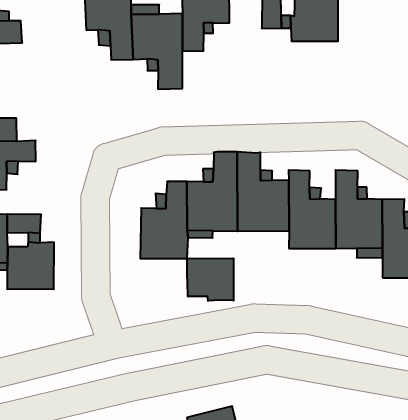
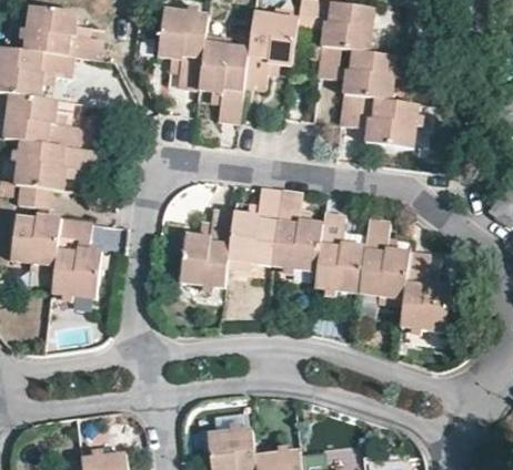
building: none -> [345,90,421,143]
building: [187,258,234,301] -> none

